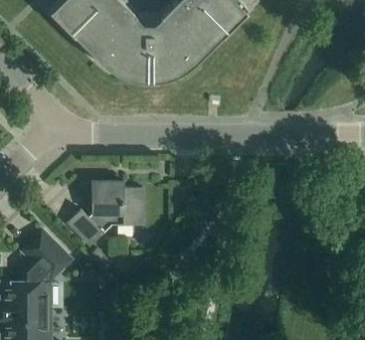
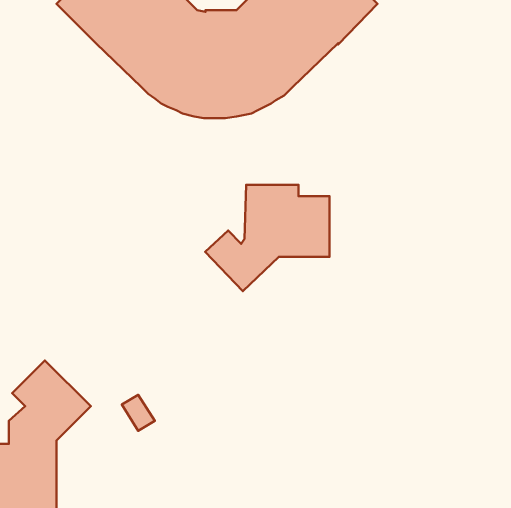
building: [66,181,143,246] -> [205,185,330,291]

